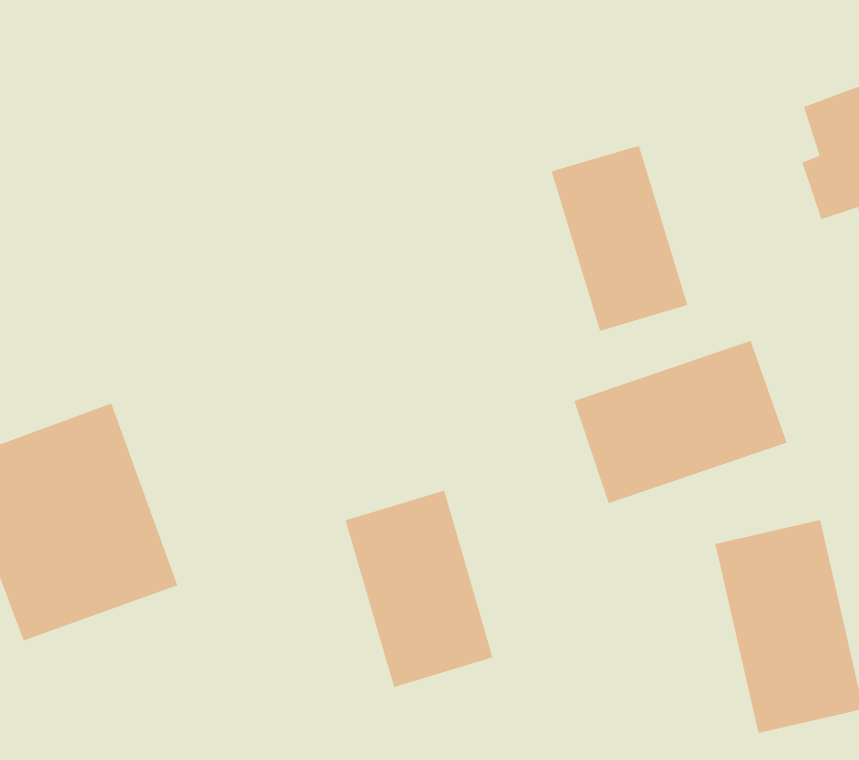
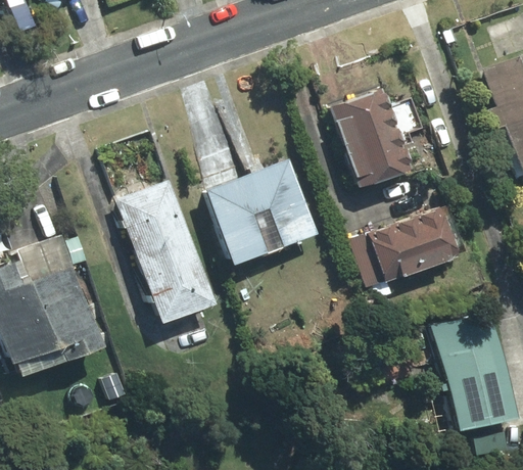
building: none -> [205,162,316,267]
building: none -> [114,178,210,321]
building: [345,490,493,688] -> none

